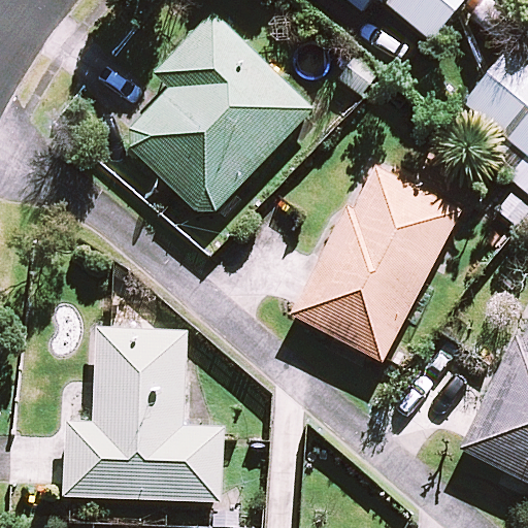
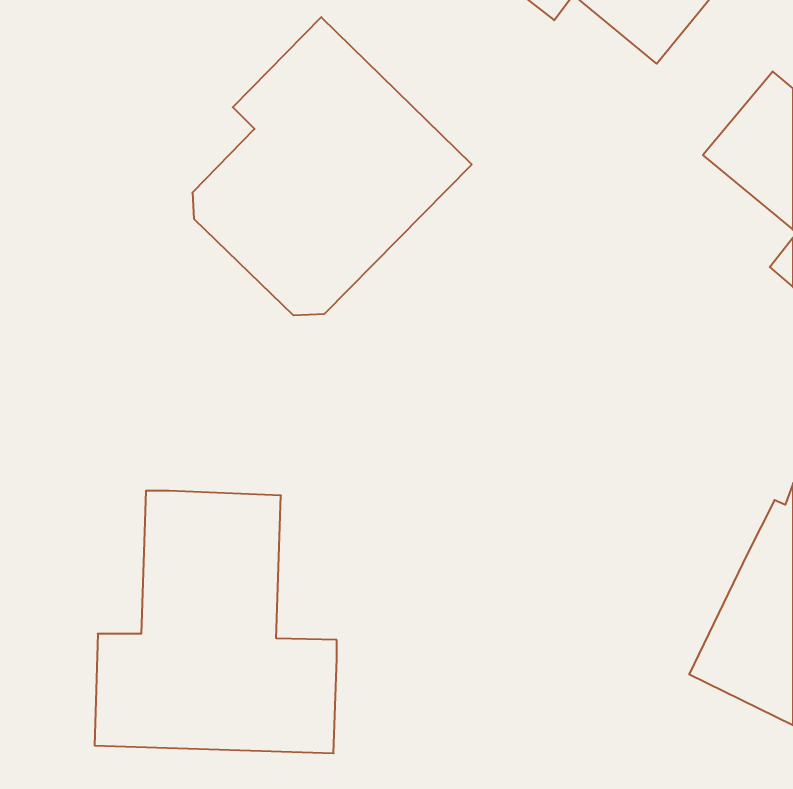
building: [291,165,459,359] -> none

